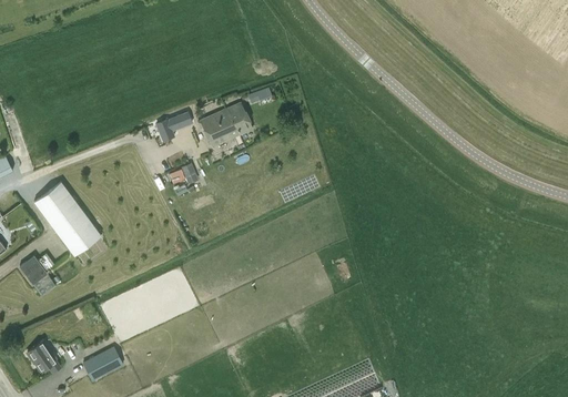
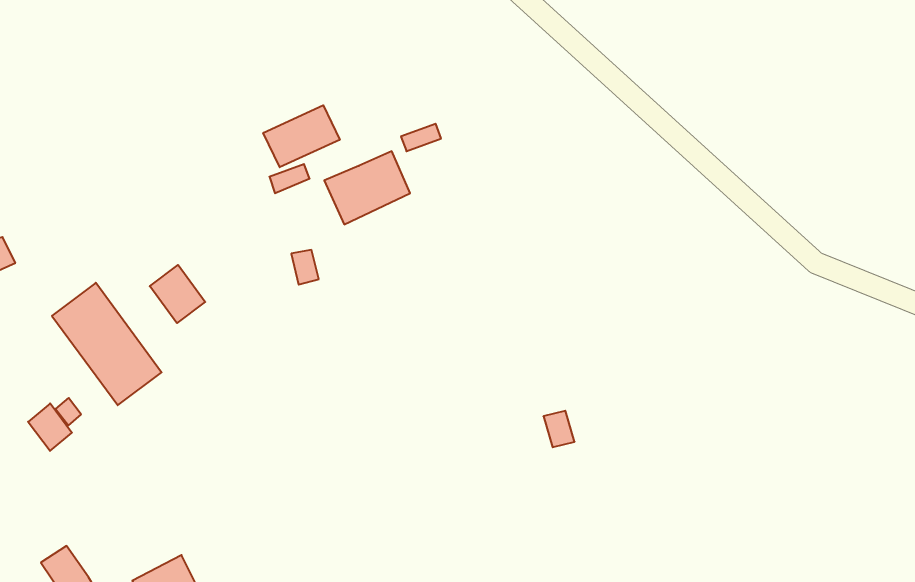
building: none -> [263,105,340,167]
building: none -> [150,265,205,323]

